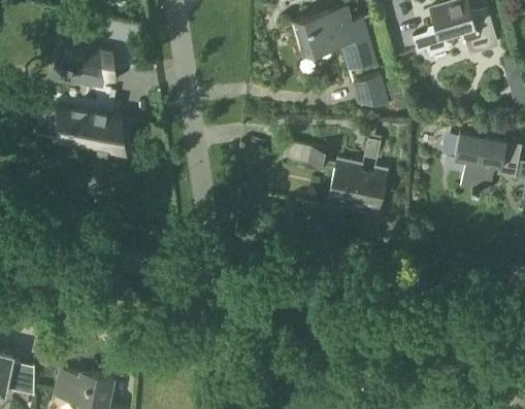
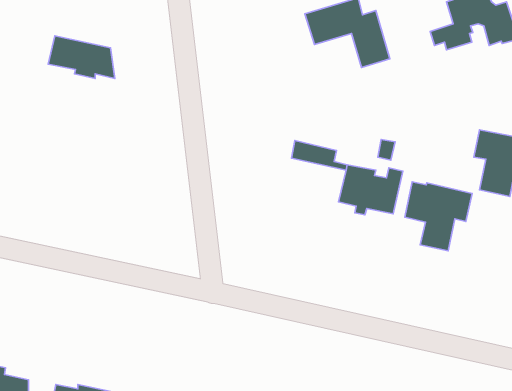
building: [353,75,396,105] -> none
building: [35,107,140,154] -> none
building: none -> [405,182,472,251]

